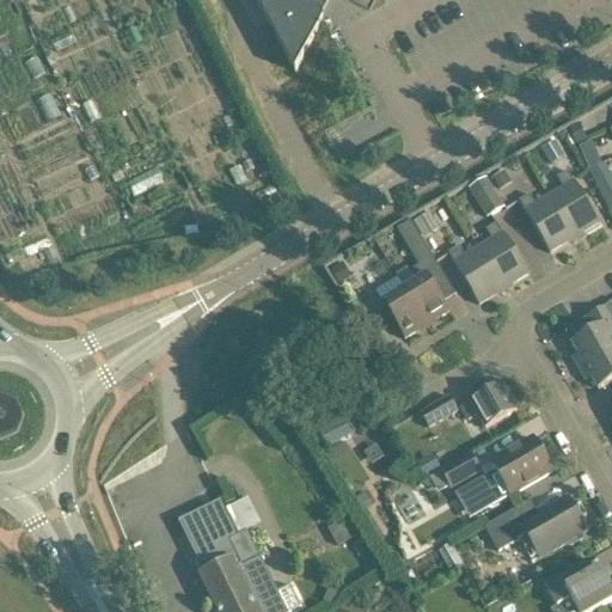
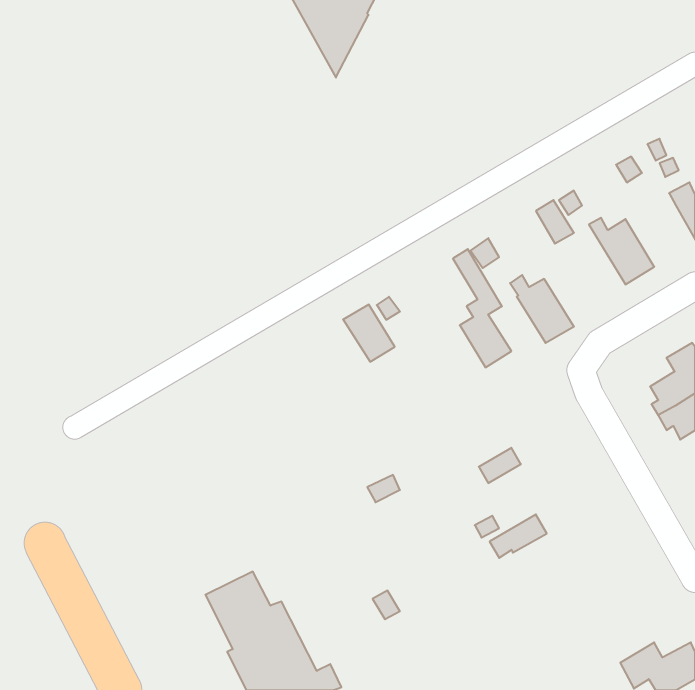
building: [550,169,600,234] -> none
building: [478,219,530,287] -> none
building: [381,286,427,336] -> [343,305,395,362]
building: [461,380,516,426] -> none
building: [455,436,552,516] -> none
building: [484,495,586,556] -> none

